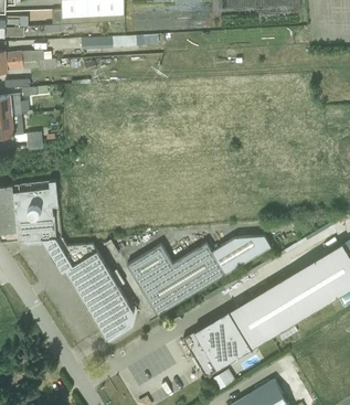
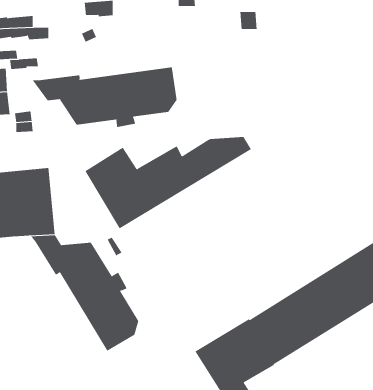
building: none -> [32,66,177,128]
building: [127,236,271,316] -> [85,136,252,229]

